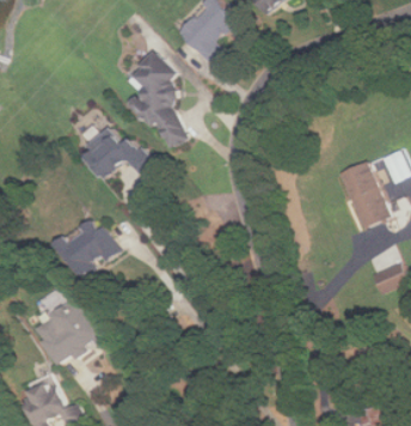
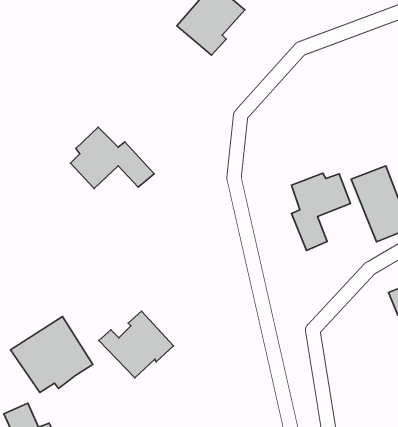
building: [133,55,185,147] -> none
building: none -> [292,173,351,251]
building: [51,218,118,278] -> [99,311,173,378]

